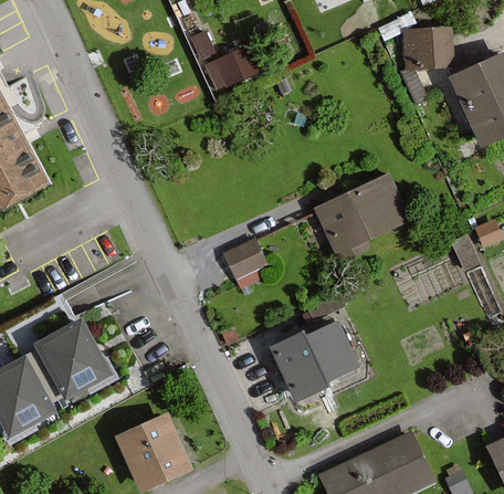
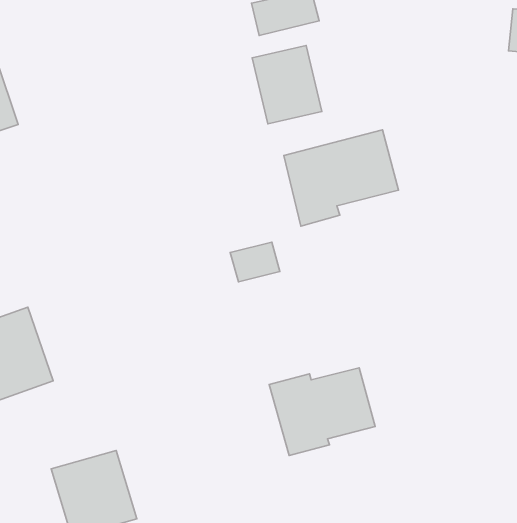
building: none -> [252,46,322,124]
building: [316,177,407,260] -> [284,130,399,226]

